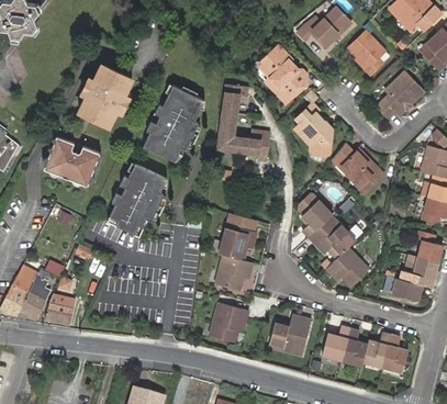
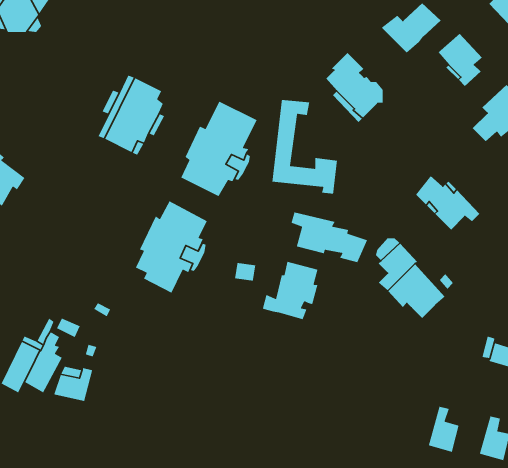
building: [295,104,333,152] -> none
building: [42,137,101,187] -> none
building: none -> [291,211,368,263]
building: [326,247,369,287] -> none
building: [215,254,252,290] -> none
building: [209,300,247,339] -> none
building: [268,313,311,354] -> none
building: [322,325,350,359] -> none
building: [362,333,391,366] -> none

